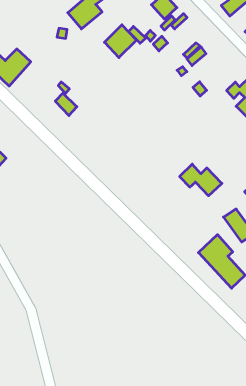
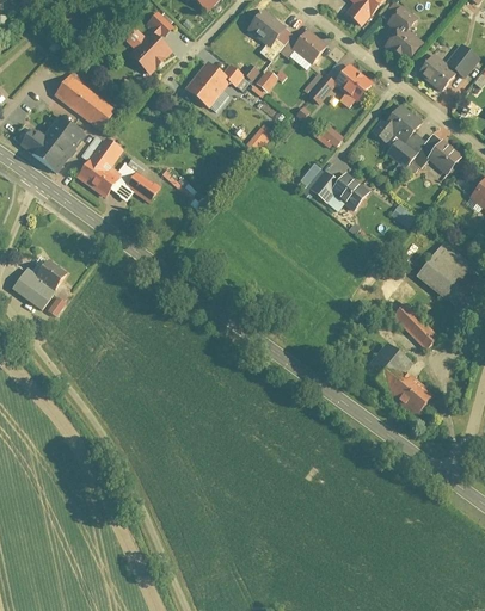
building: none -> [291,30,325,63]
building: none -> [54,74,113,128]
building: none -> [333,64,372,100]
building: none -> [75,138,121,197]
building: [180,164,222,196] -> [307,169,369,211]

